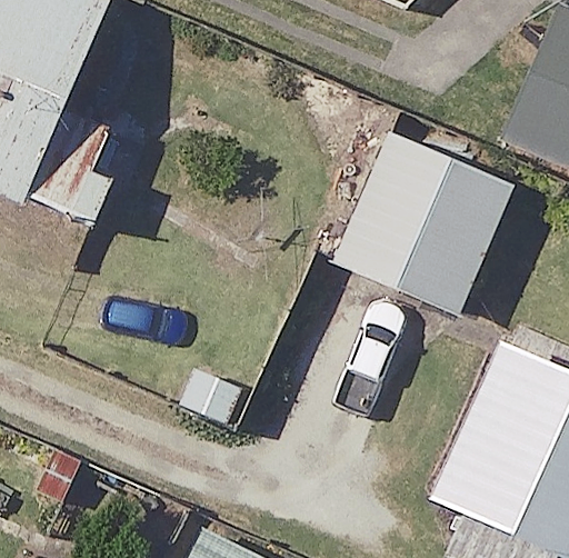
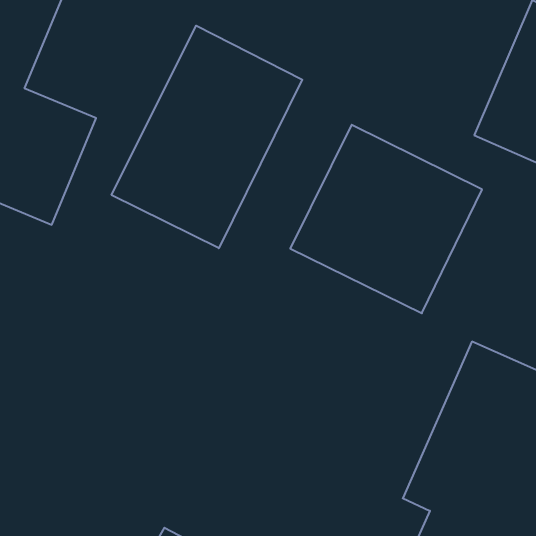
building: none -> [112,26,302,248]

